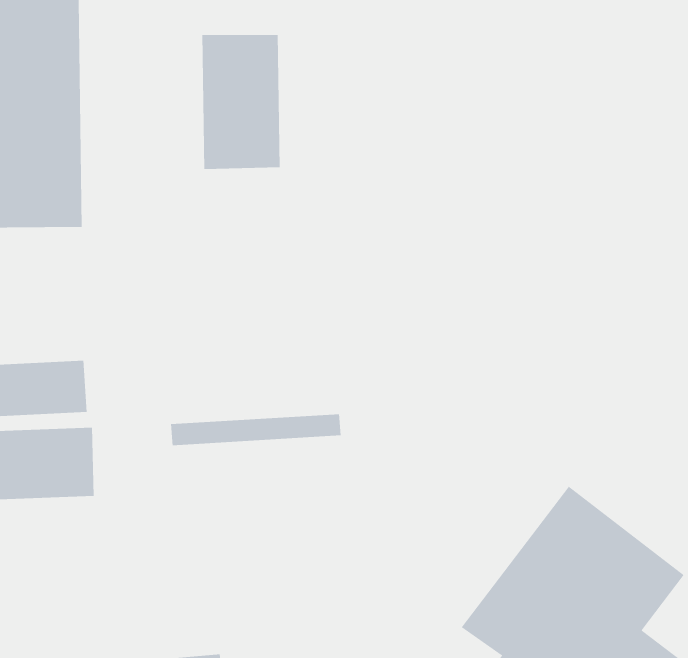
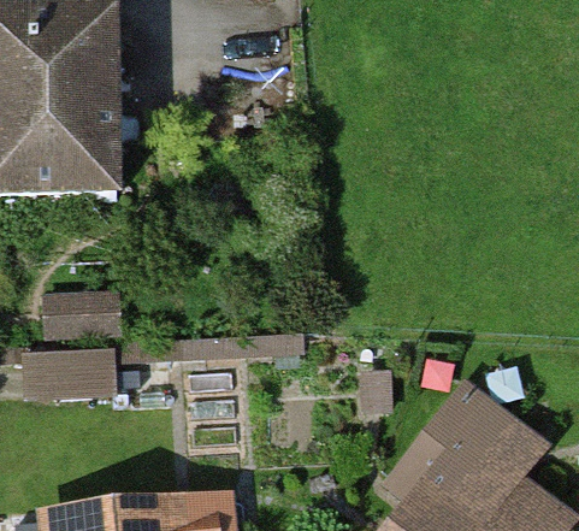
building: [202,34,280,170] -> none

